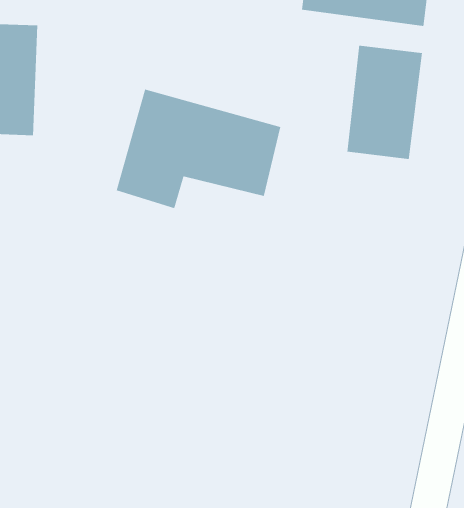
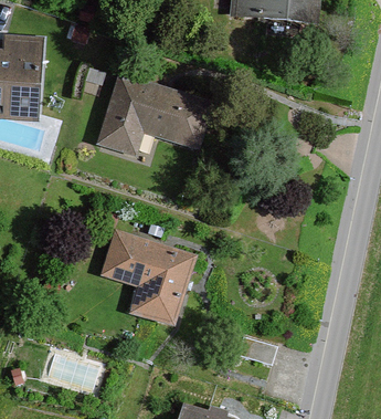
building: [347,45,423,160] -> none
building: none -> [95,221,192,322]

